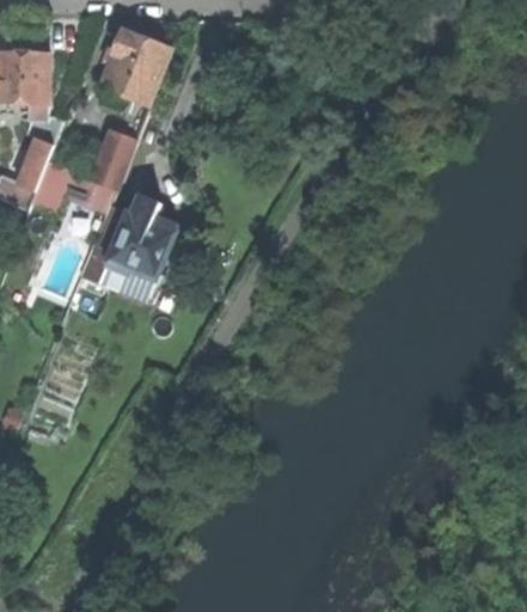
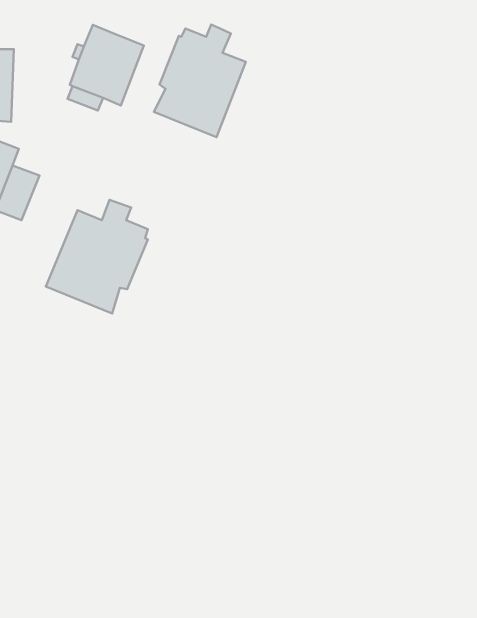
building: none -> [154,24,246,137]
building: [91,129,133,190] -> none

